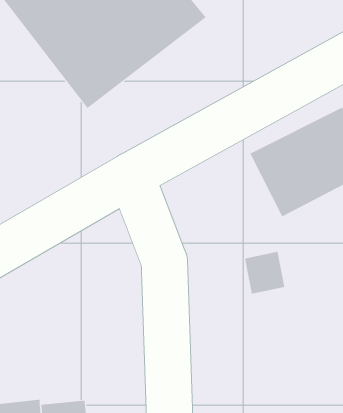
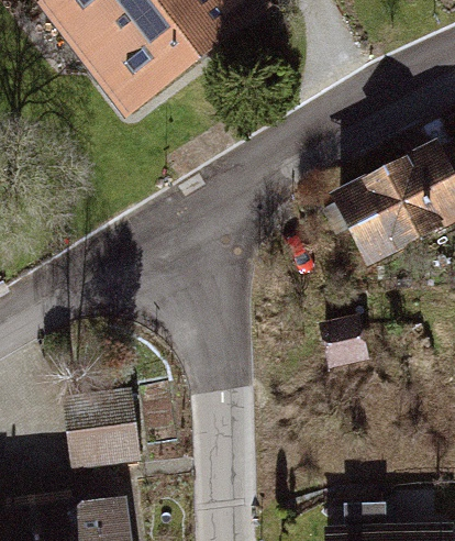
building: none -> [63,384,142,463]

